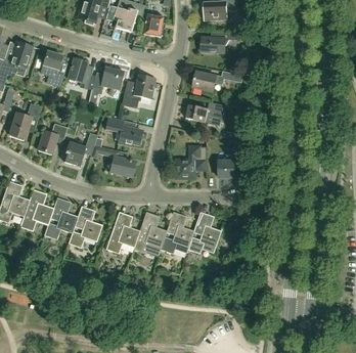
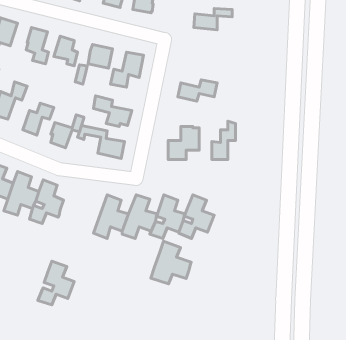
building: [193,72,242,91] -> none
building: [68,206,102,248] -> [38,261,74,305]
building: none -> [151,241,191,284]

